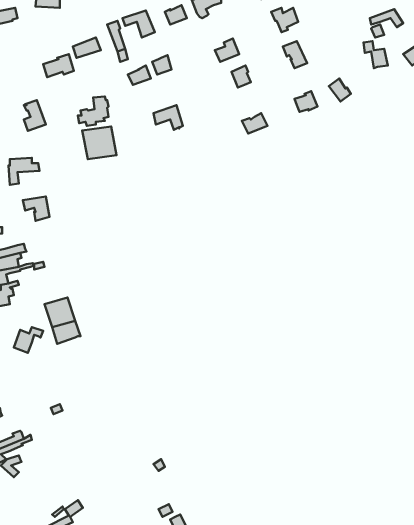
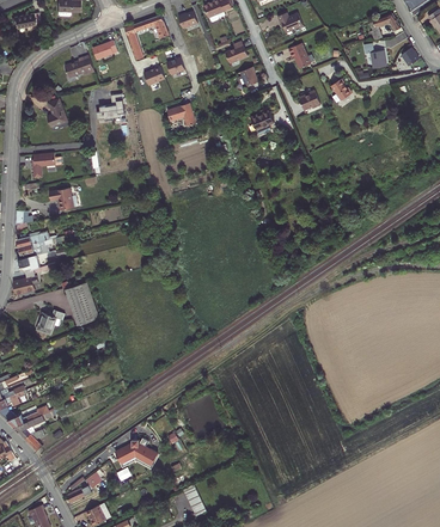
building: [82,126,117,159] -> none
building: none -> [115,439,157,465]

